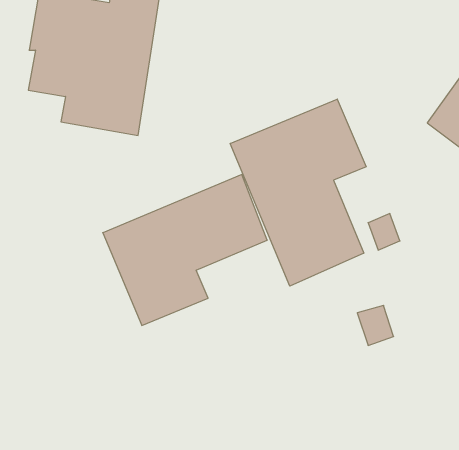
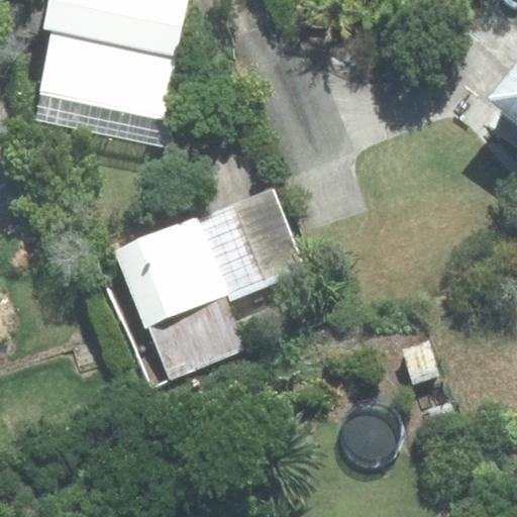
building: [230,99,366,286] -> none

